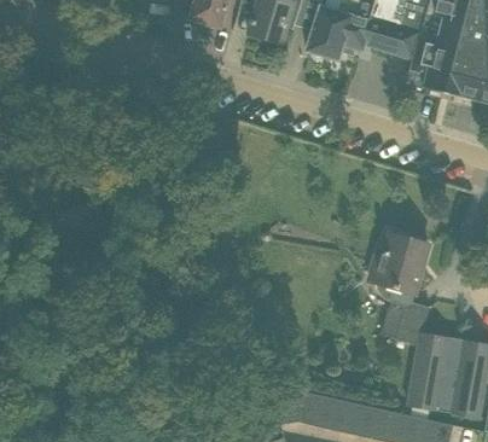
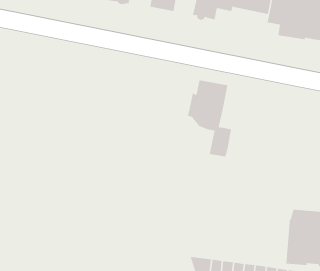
building: [368,234,429,345] -> [187,80,232,158]

